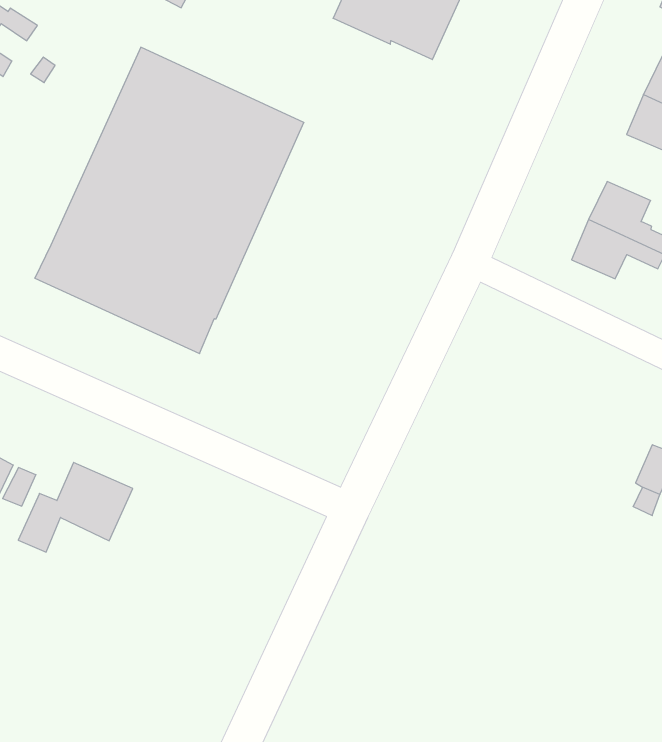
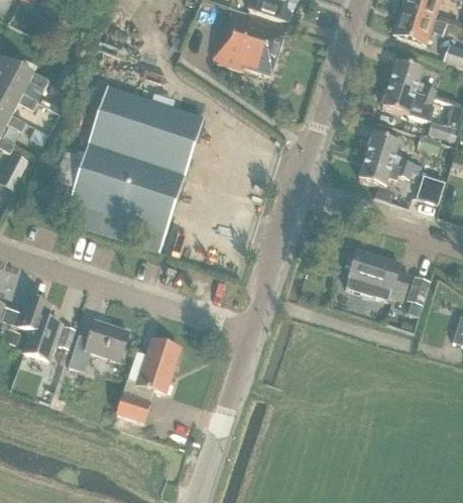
building: none -> [346,249,411,299]
building: none -> [116,338,181,421]

